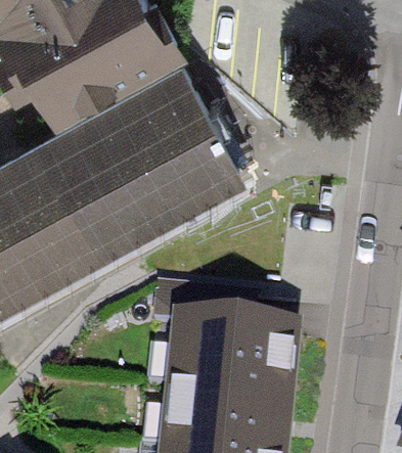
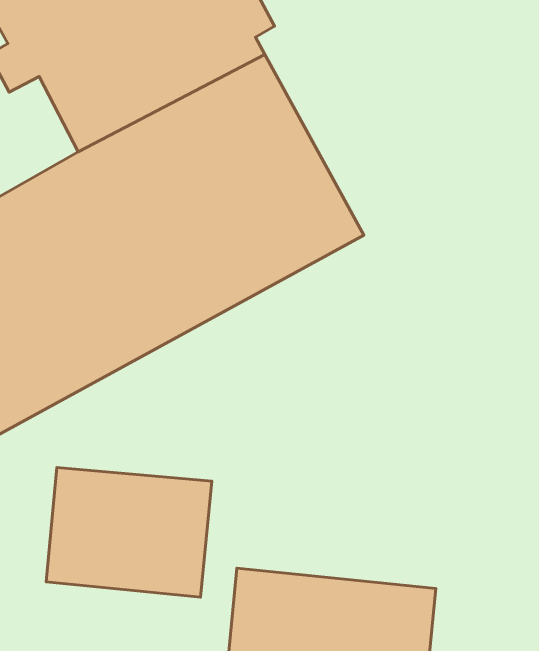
building: [163,323,301,410] -> none
building: none -> [46,468,212,597]

